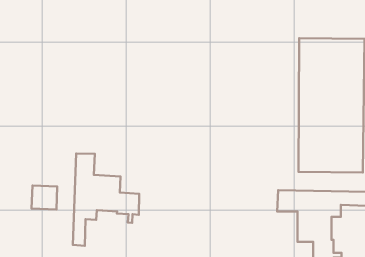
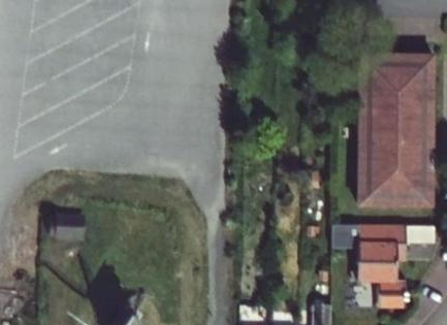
building: [73,154,139,246] -> none

